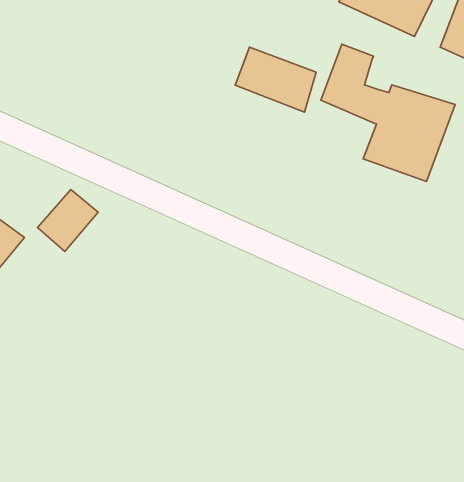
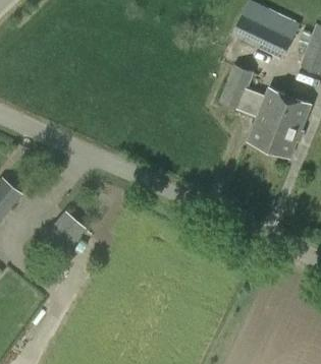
building: [235,47,316,112] -> none
building: [38,190,98,251] -> [43,211,84,253]

